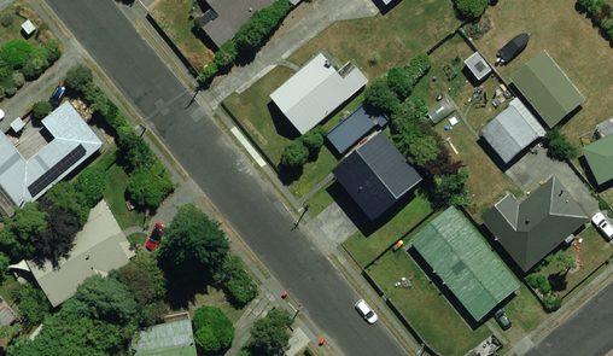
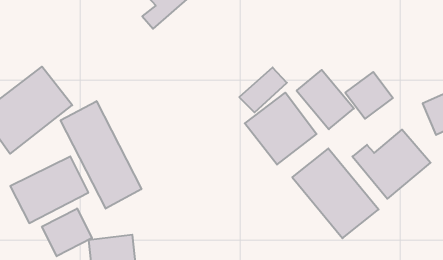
building: [508,48,585,128] -> [297,70,354,129]
building: [267,56,349,132] -> none
building: none -> [61,101,141,209]
building: none -> [42,208,92,256]

